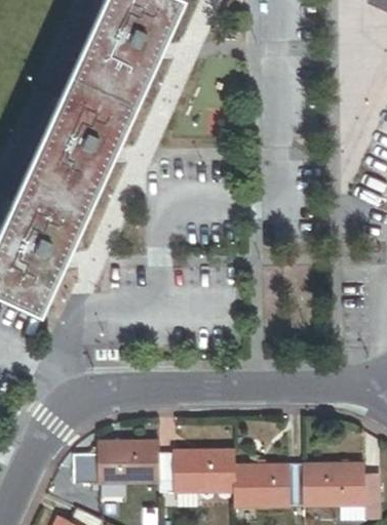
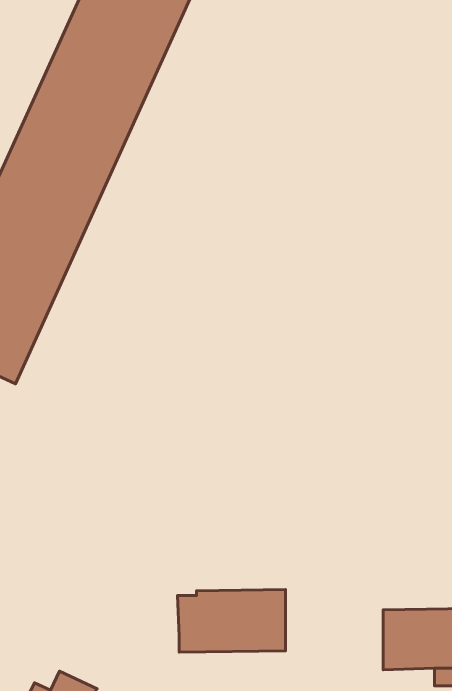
building: [74,440,162,484] -> none
building: [237,465,306,507] -> none

